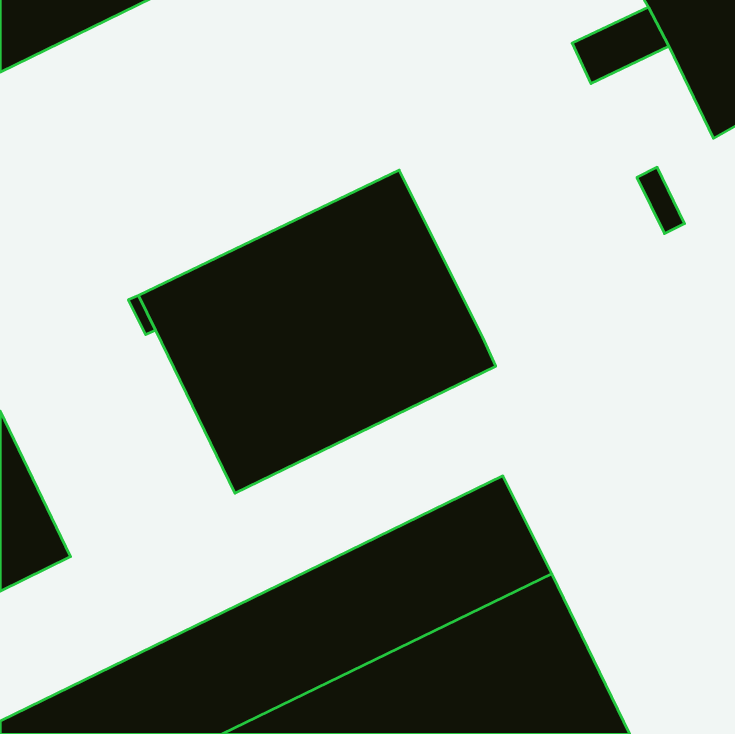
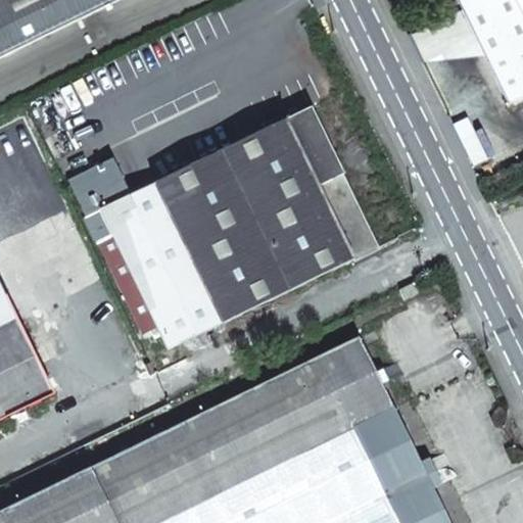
building: none -> [284,108,367,239]

